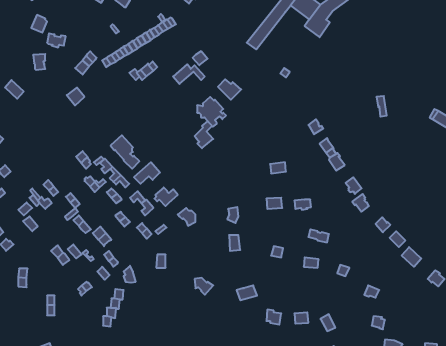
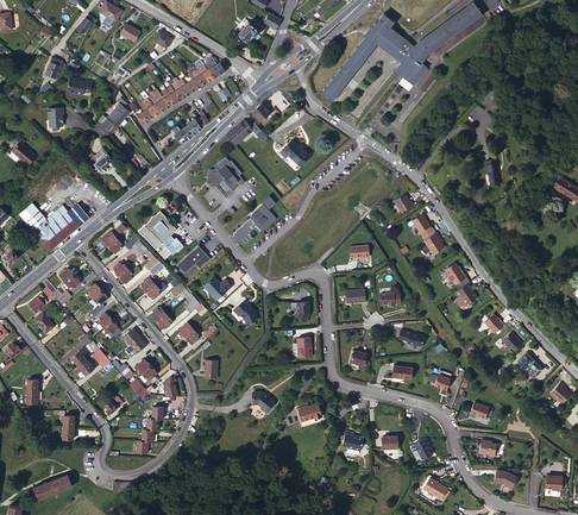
building: [197,97,226,127] -> [207,157,244,195]
building: none -> [18,203,89,252]

